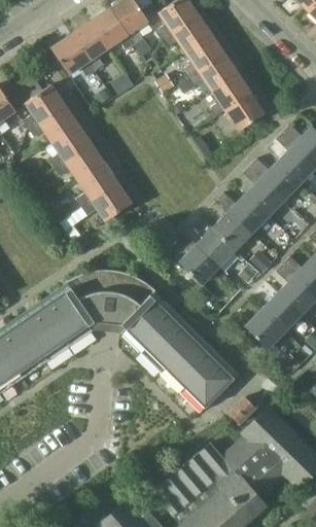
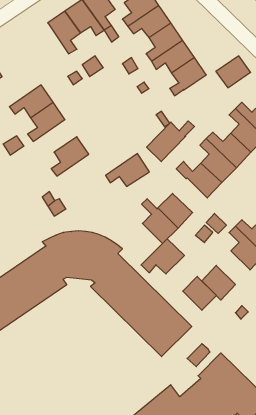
building: [52,35,97,76] -> none
building: [25,84,66,130] -> none
building: [226,94,266,130] -> [216,56,251,88]
building: [57,144,106,181] -> none
building: none -> [147,121,194,162]
building: [83,183,133,220] -> [106,154,149,186]
building: [214,210,253,249] -> none
building: none -> [141,239,184,274]
building: [264,292,302,330] -> [183,276,216,310]

